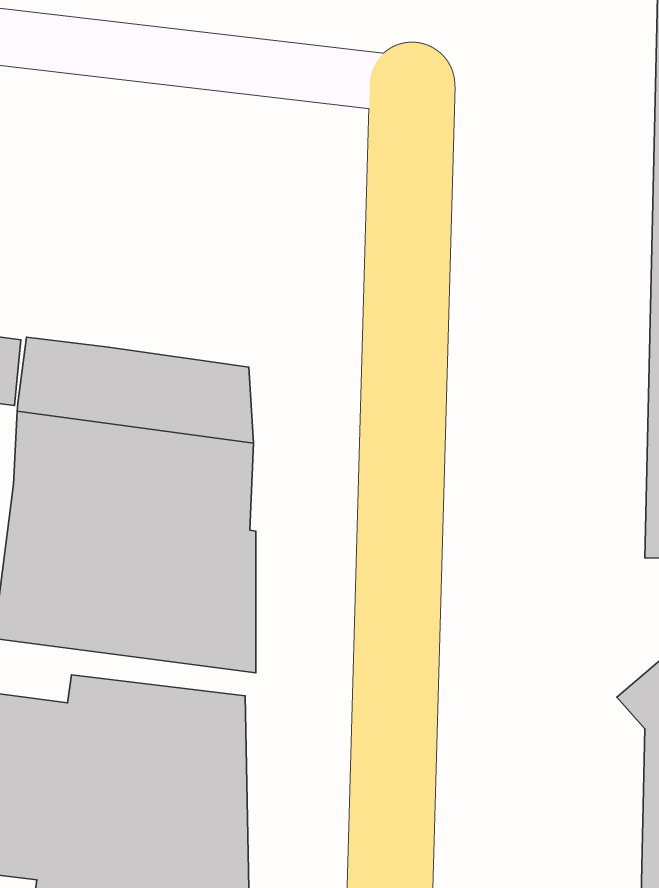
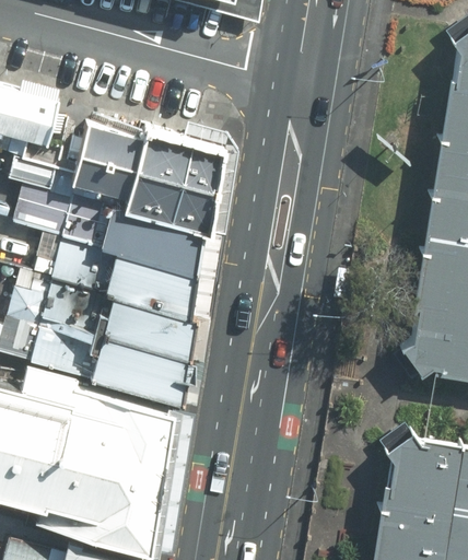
building: none -> [70,119,219,237]

